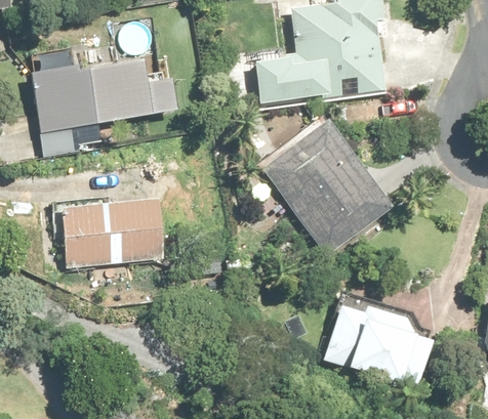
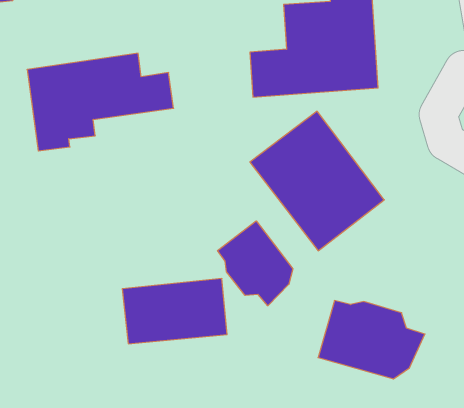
building: [60,202,166,267] -> [122,279,227,344]
building: none -> [218,221,293,306]

